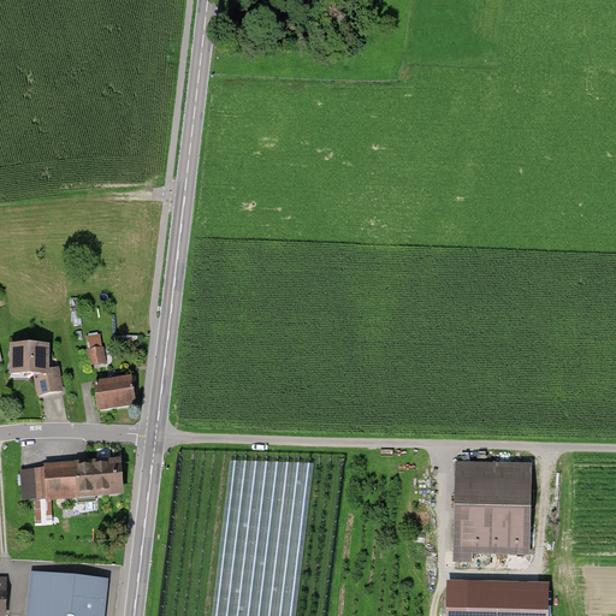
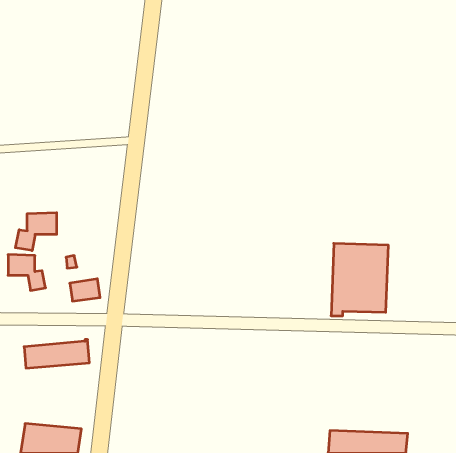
building: none -> [15,213,57,251]
building: [455,462,532,559] -> [331,243,388,316]

